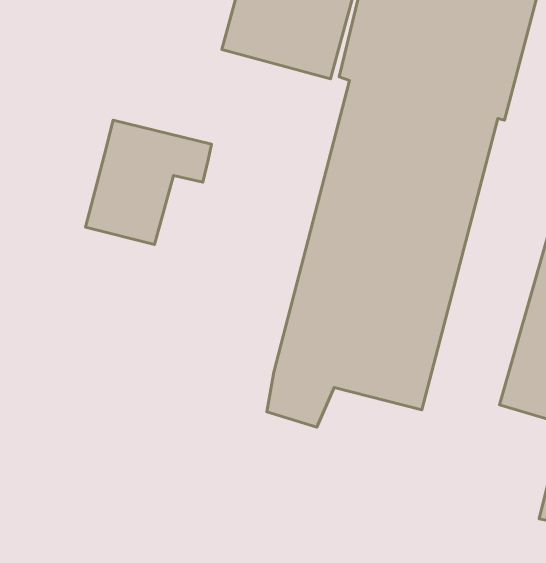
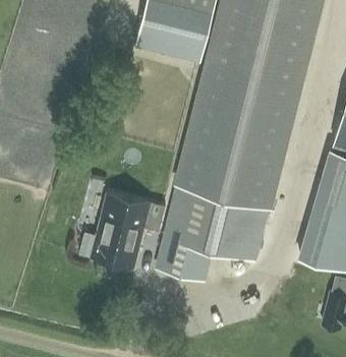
building: [86,120,211,244] -> [91,195,165,269]

